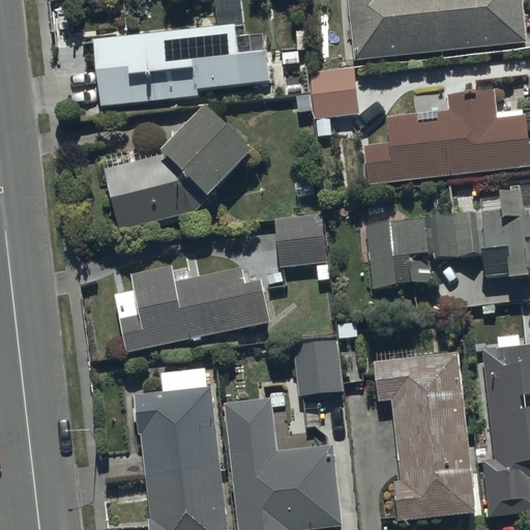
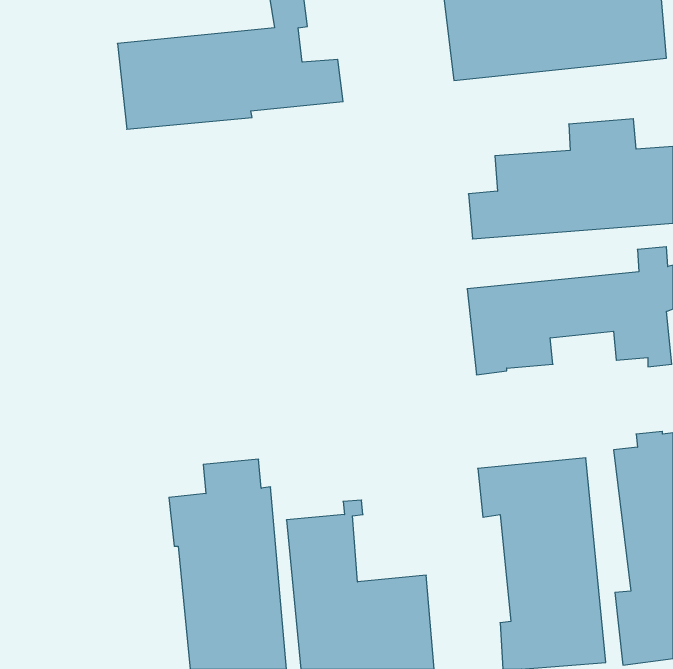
building: [308,70,358,139] -> none
building: [102,99,251,228] -> none
building: [275,210,327,263] -> none
building: [117,261,269,347] -> none
building: [298,345,343,400] -> none

